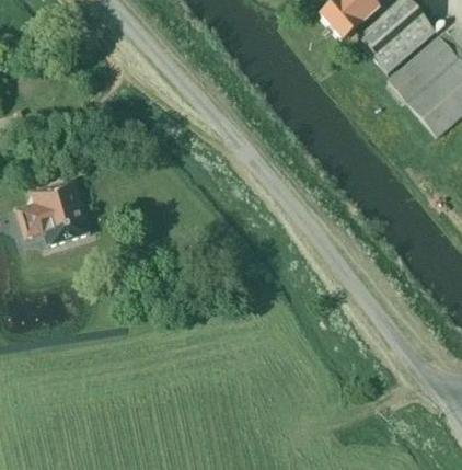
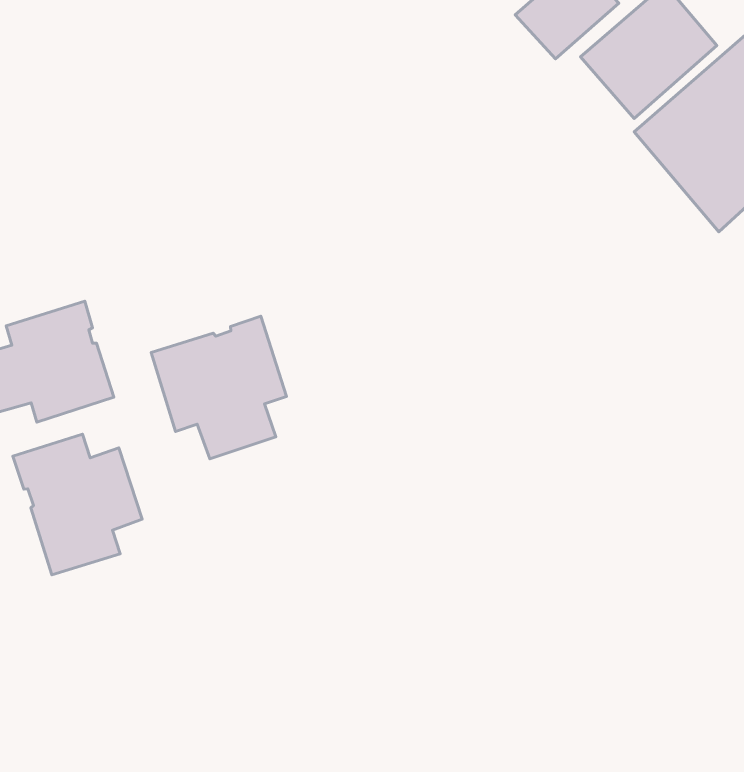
building: none -> [151,316,286,459]
building: none -> [13,434,142,575]

